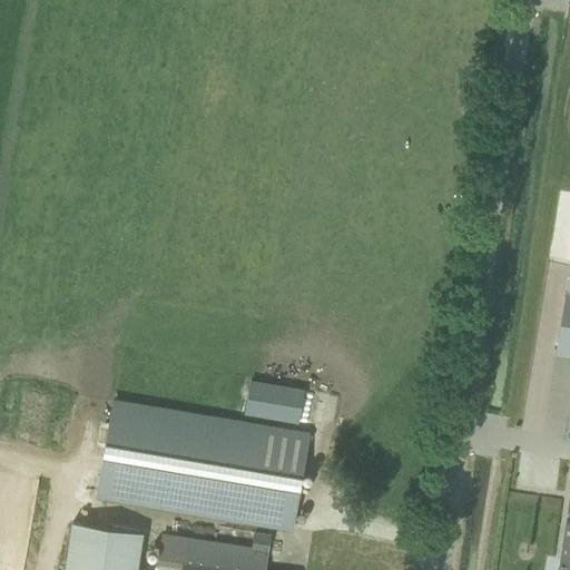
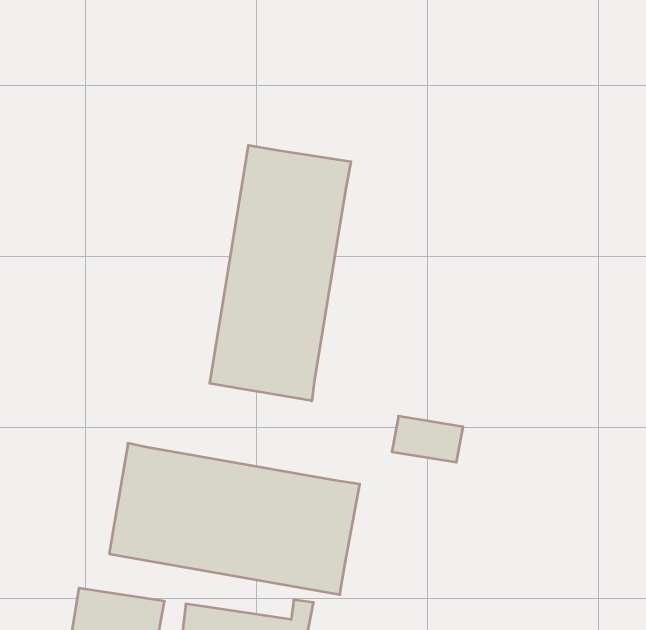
building: none -> [210,145,351,401]
building: [246,383,306,422] -> [392,416,463,462]

